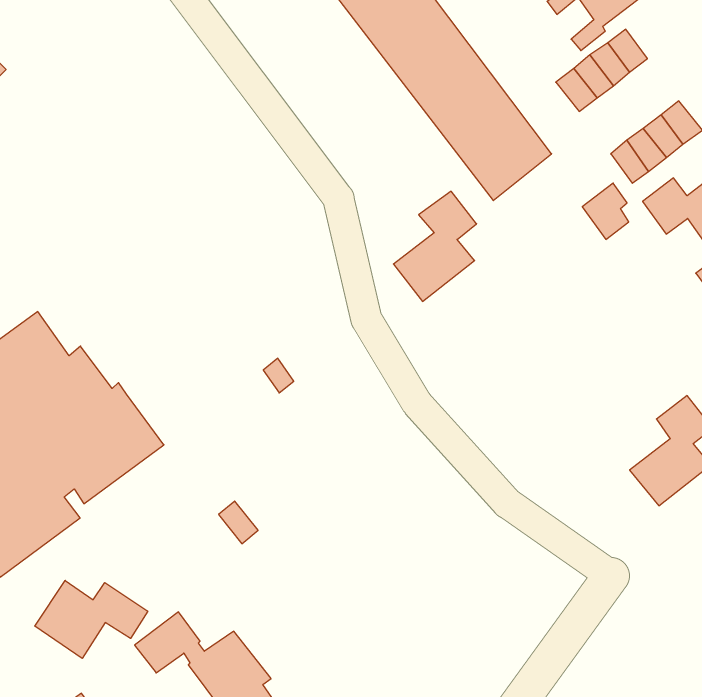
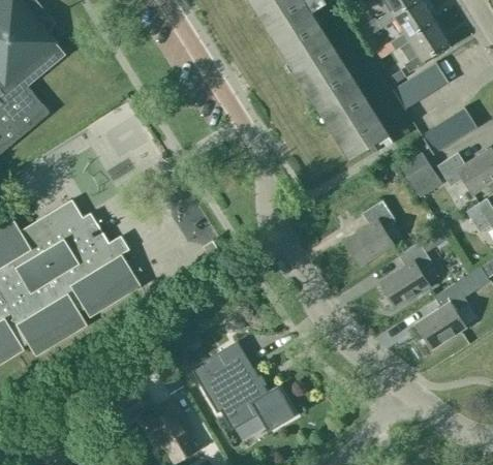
building: [393,191,477,301] -> [343,200,395,265]
building: none -> [379,242,431,306]
building: none -> [190,341,295,431]
building: [35,580,148,658] -> none

